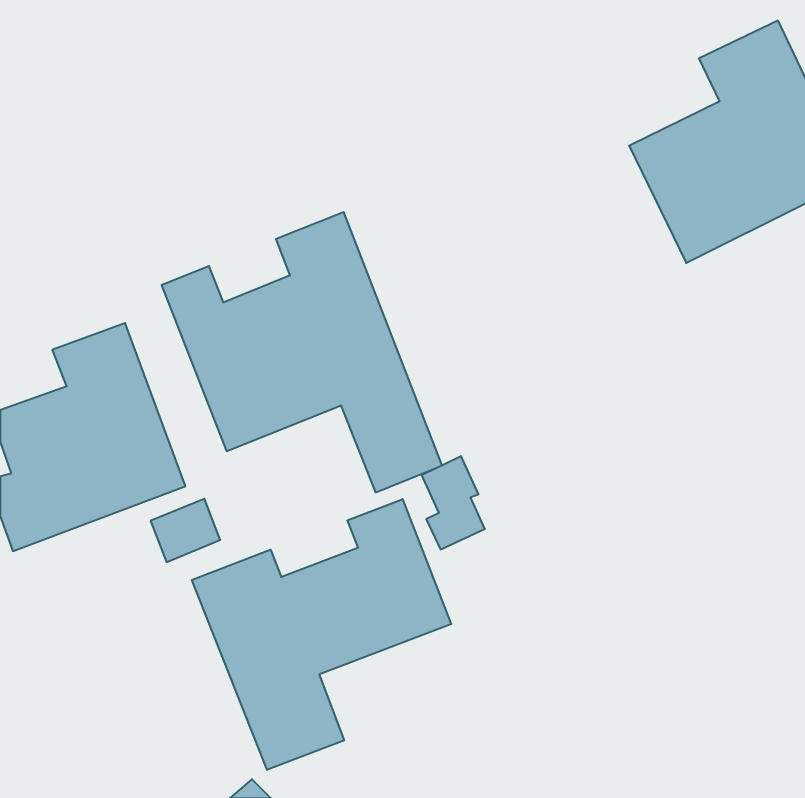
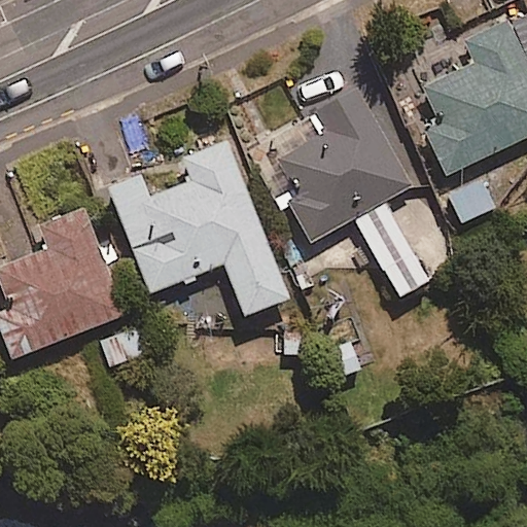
building: none -> [257,84,471,296]
building: [192,499,451,770] -> none

